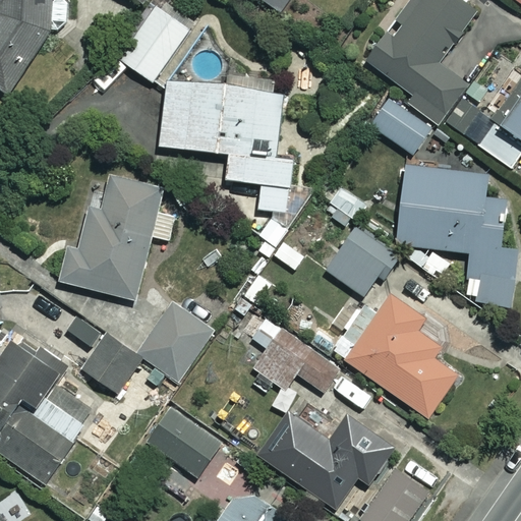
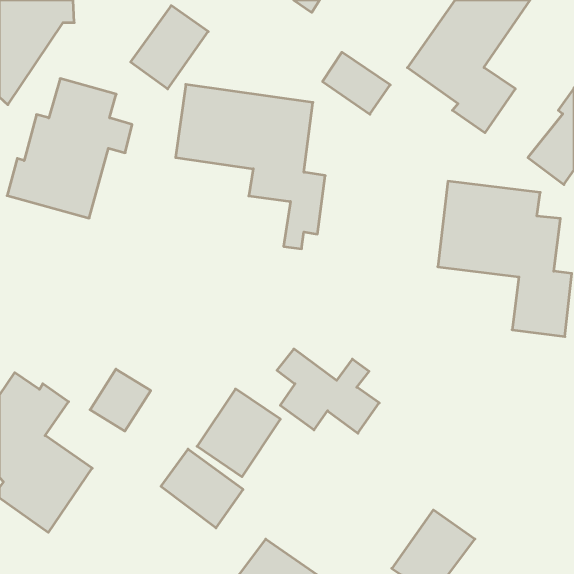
building: [370,98,431,154] -> [323,52,390,114]
building: [61,174,174,300] -> [7,79,132,218]
building: [324,225,395,297] -> none
building: [346,294,456,415] -> none
building: [138,303,214,383] -> [197,389,280,477]
building: [259,410,396,508] -> none

